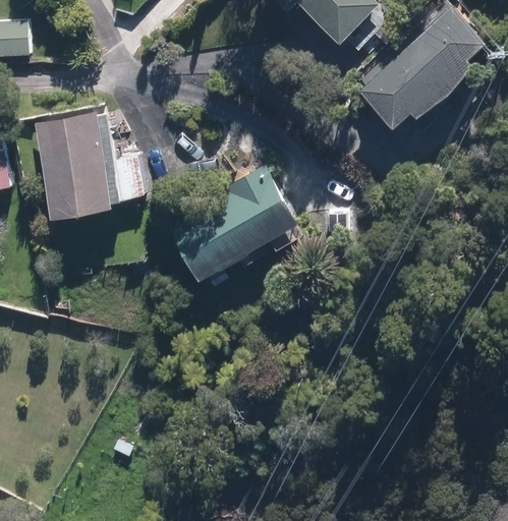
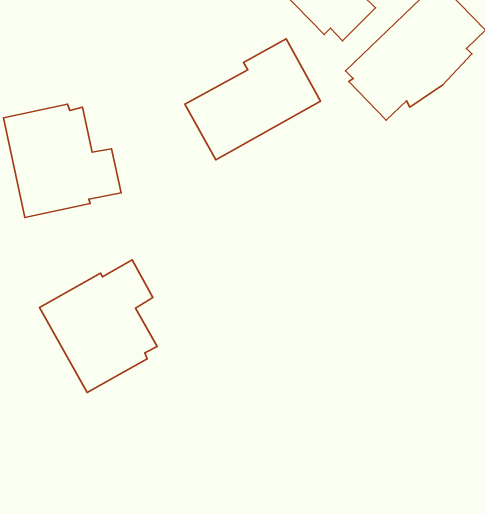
building: [169,166,298,281] -> [185,39,320,160]
building: none -> [40,260,157,392]

